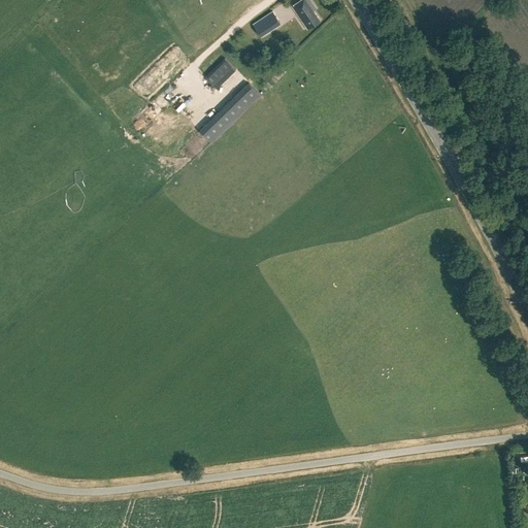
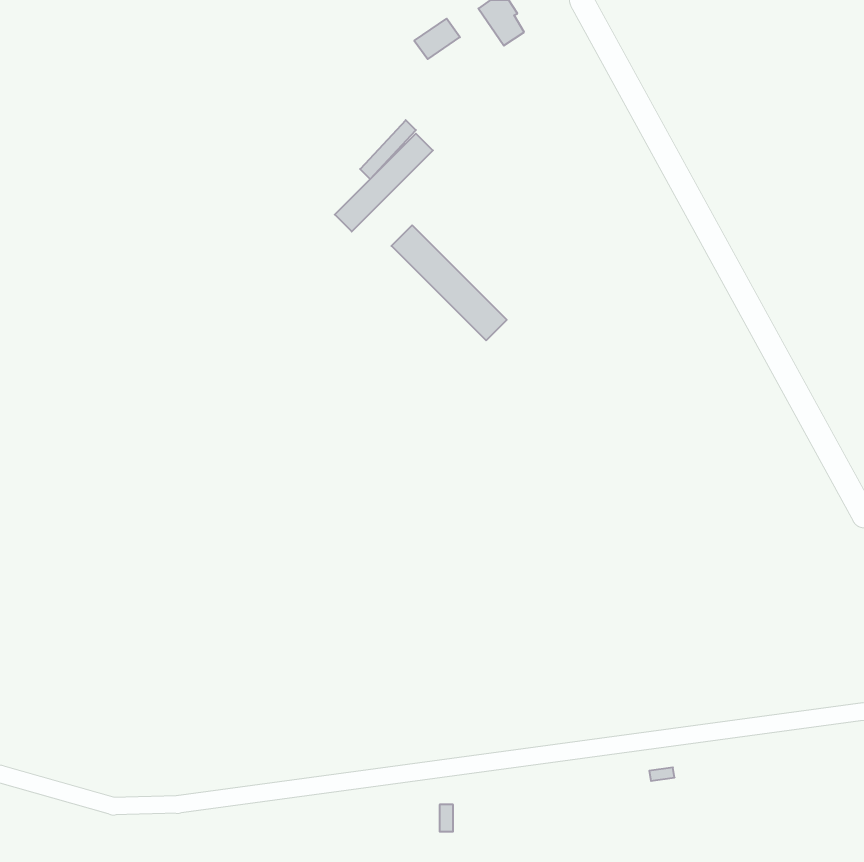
building: [205,59,235,89] -> none
building: none -> [391,225,507,340]

